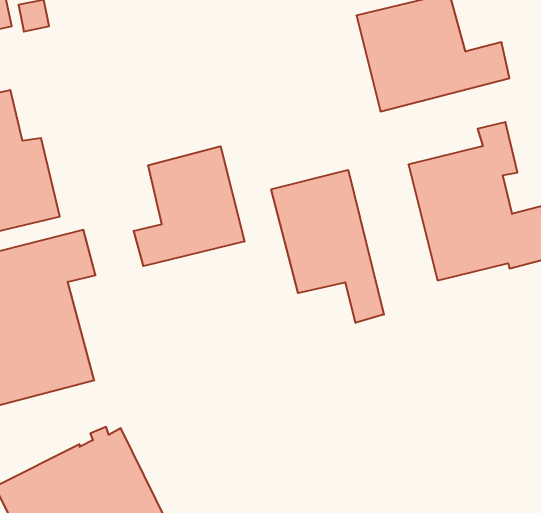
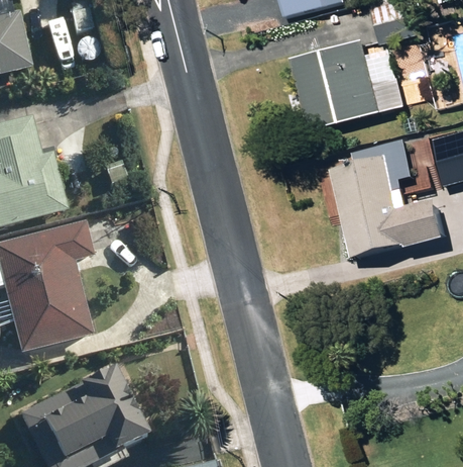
building: [134,146,244,266] -> none
building: [271,170,384,323] -> none

